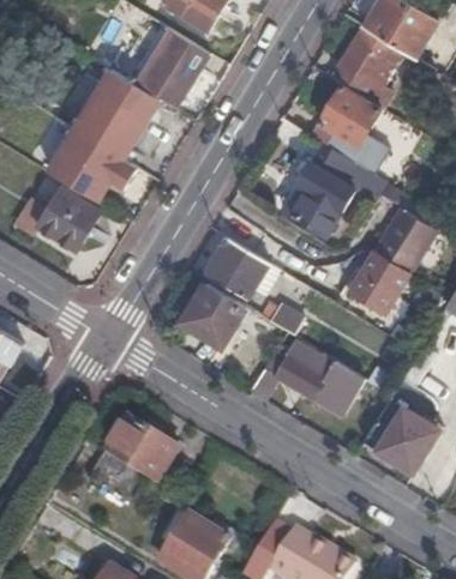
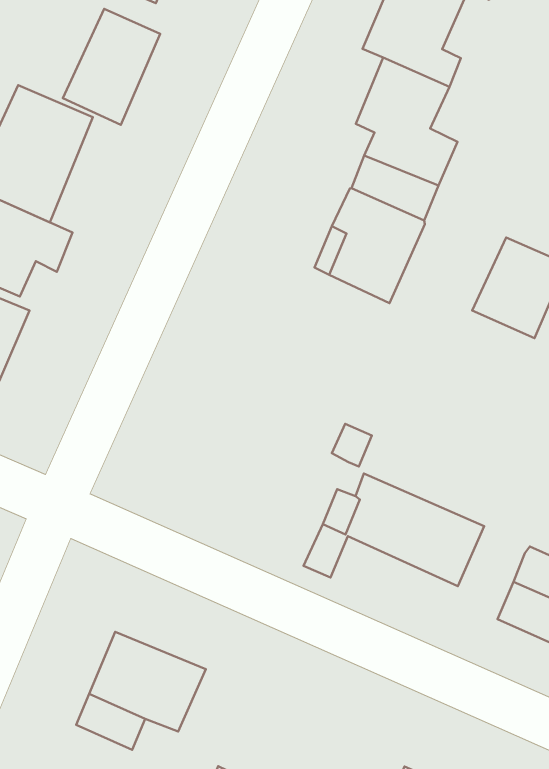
building: [203,237,269,300] -> none
building: [348,249,410,314] -> none
building: [180,283,245,346] -> none

